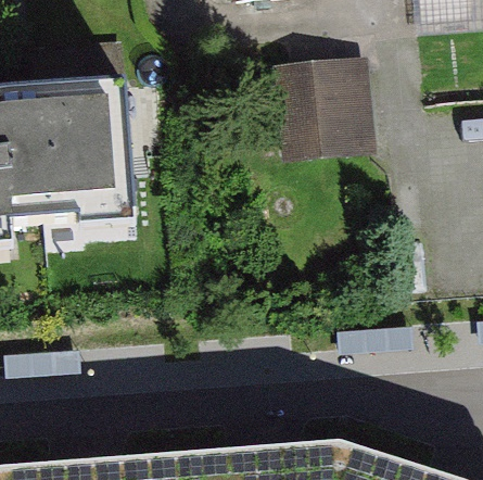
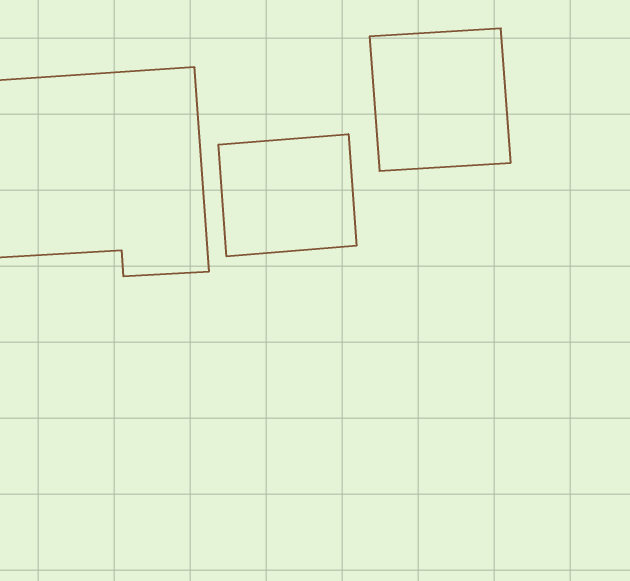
building: none -> [218,134,356,256]

